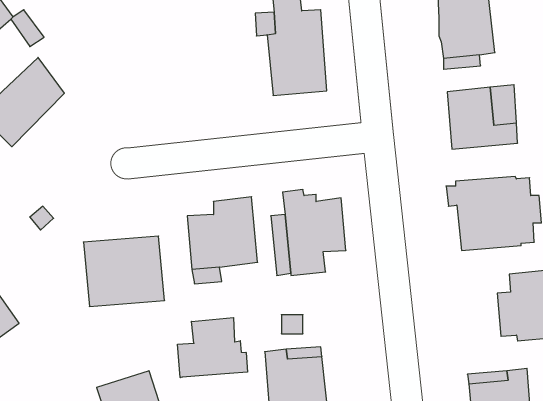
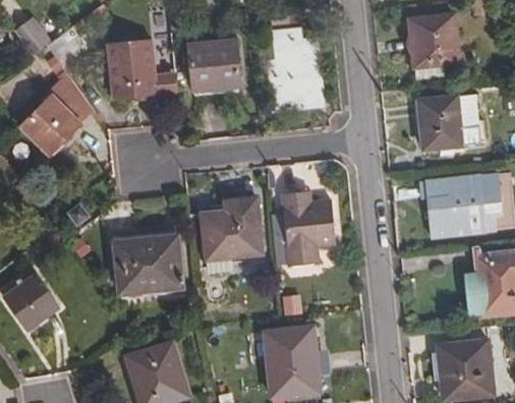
building: none -> [109,36,176,95]
building: none -> [189,37,240,85]
building: [178,318,247,378] -> none

